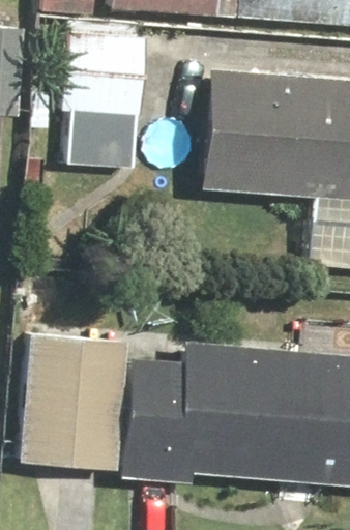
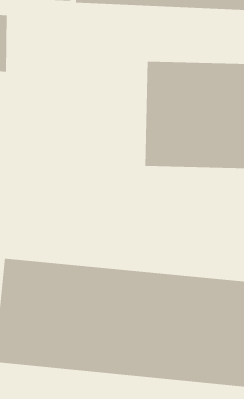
building: [55,13,140,159] -> none

